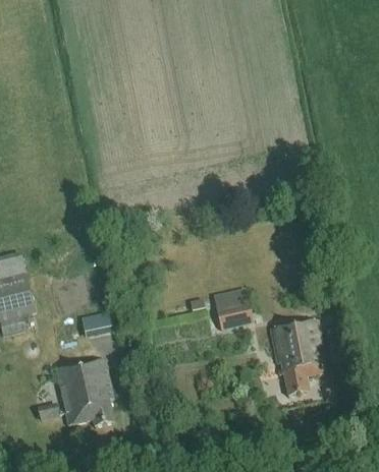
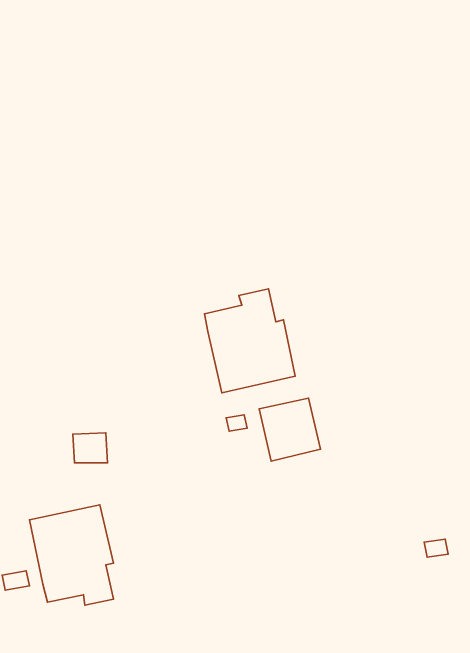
building: none -> [204,289,295,393]
building: [270,319,327,396] -> none

